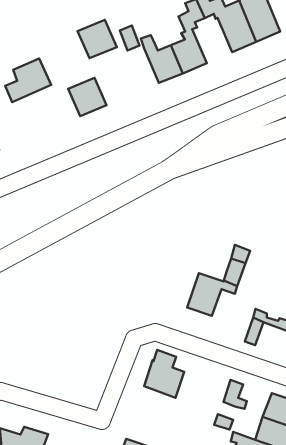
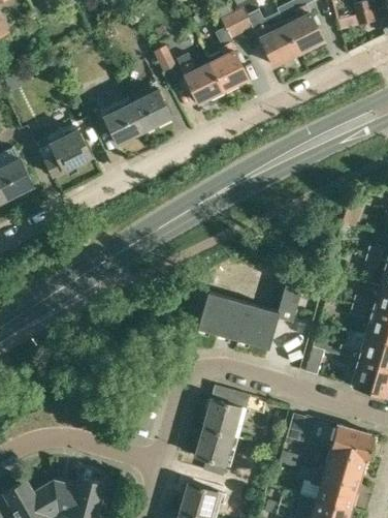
building: [78,20,117,58] -> [130,90,172,131]
building: [5,59,51,102] -> [43,130,92,178]
building: none -> [198,291,253,340]
building: none -> [195,426,236,464]

